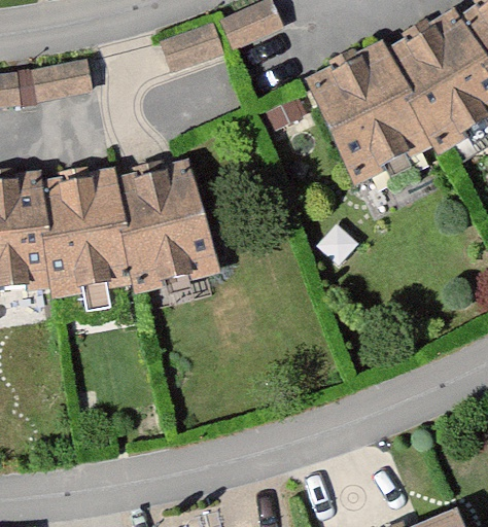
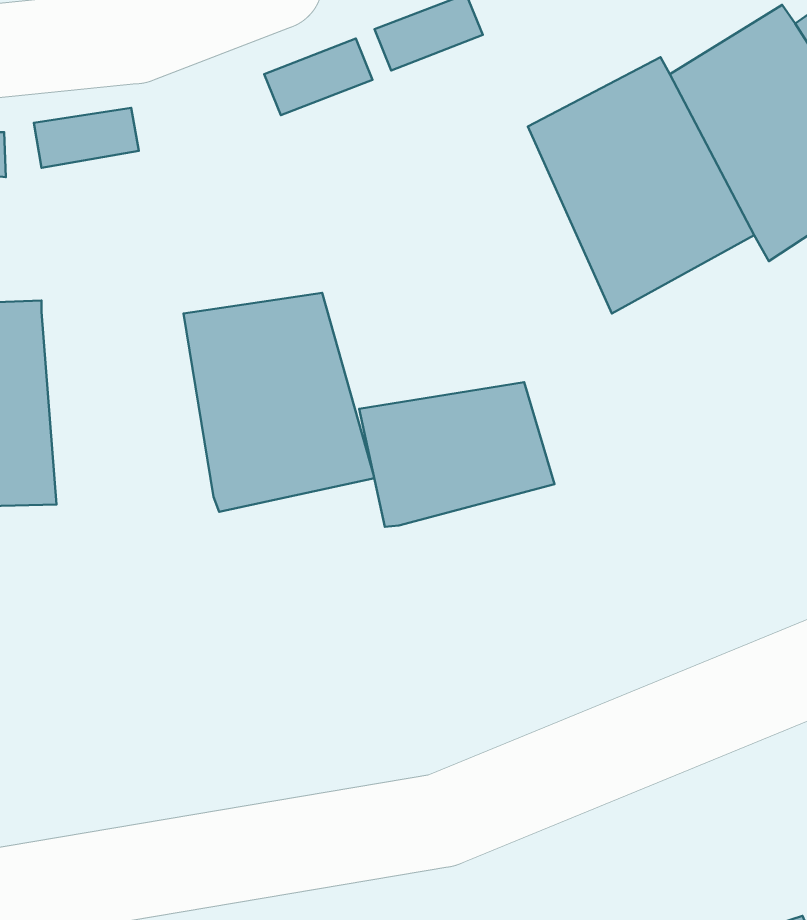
building: [37,171,132,294] -> none
building: none -> [359,382,554,527]

